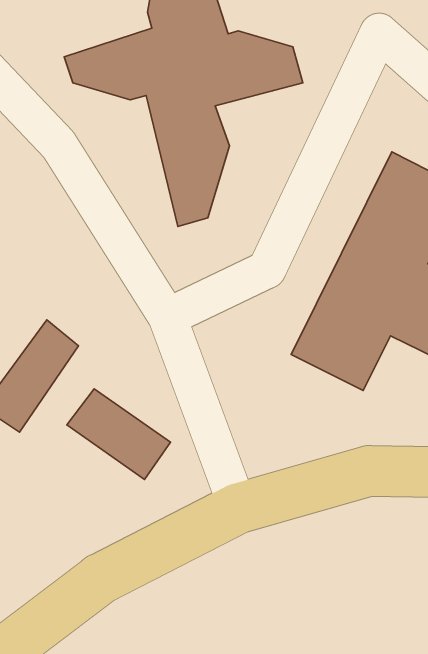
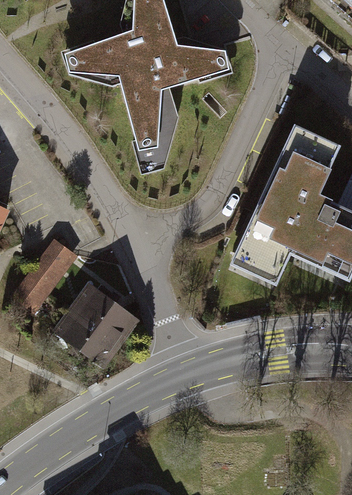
building: none -> [51,307,122,372]

